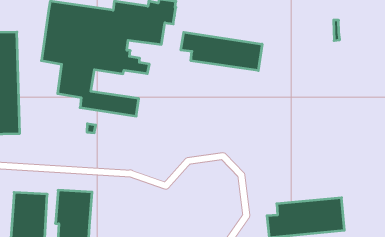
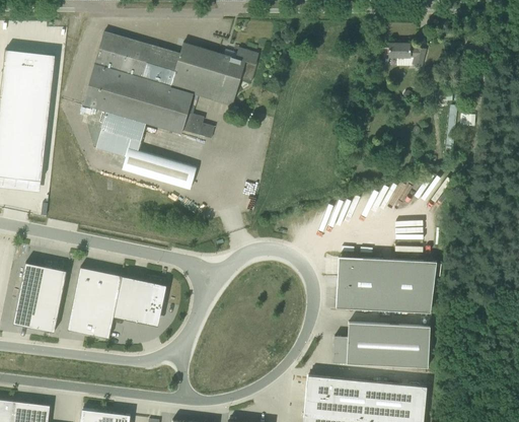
building: [181,32,262,71] -> none
building: none -> [336,257,436,312]
building: none -> [113,276,166,325]

